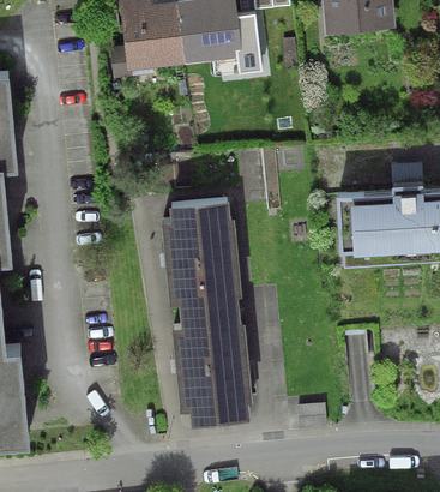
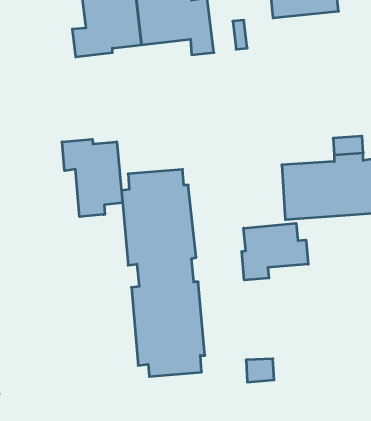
building: none -> [62,139,122,217]
building: none -> [242,223,308,280]

